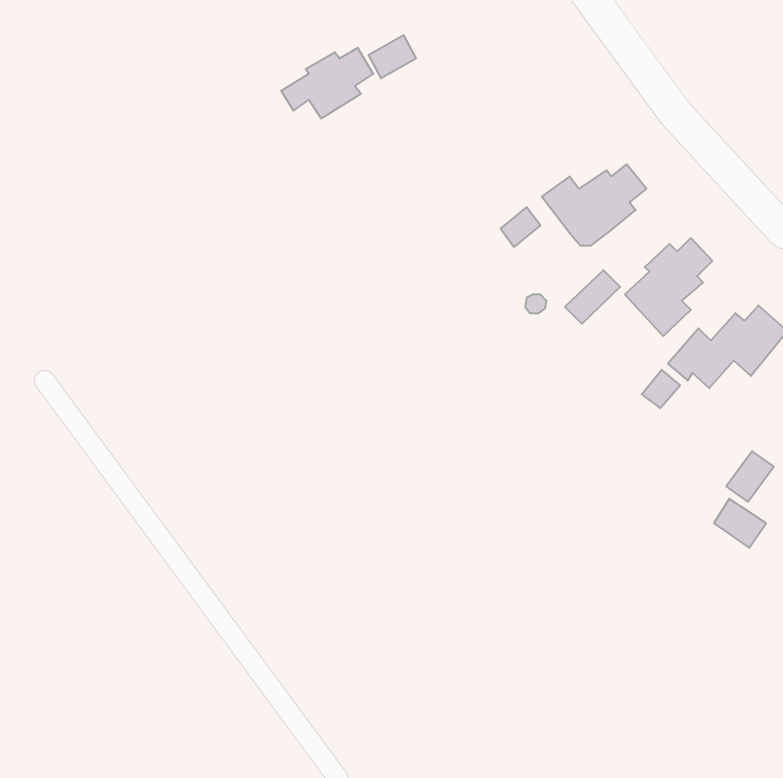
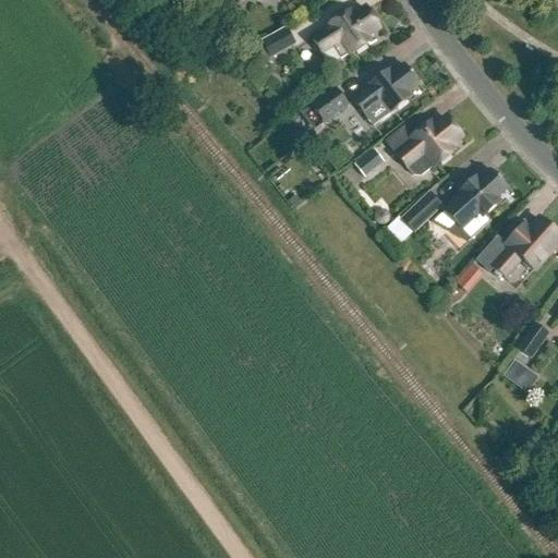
building: [281,48,373,118] -> [313,8,378,58]
building: none -> [354,64,418,112]
building: none -> [314,88,350,121]

